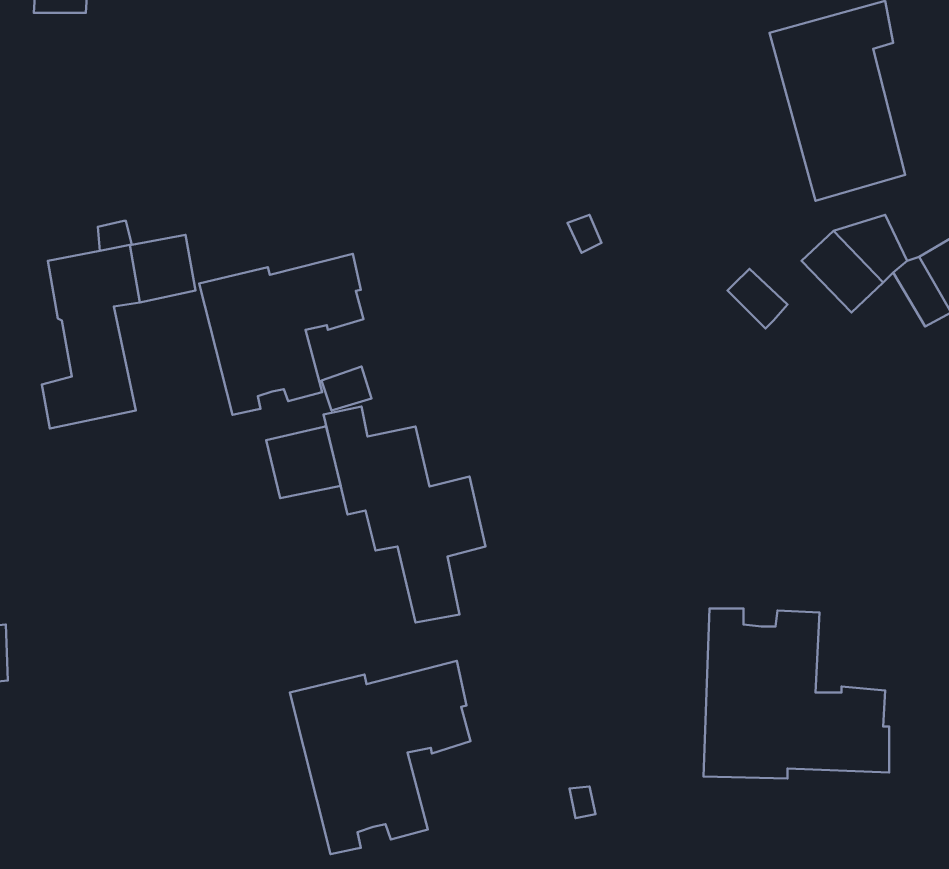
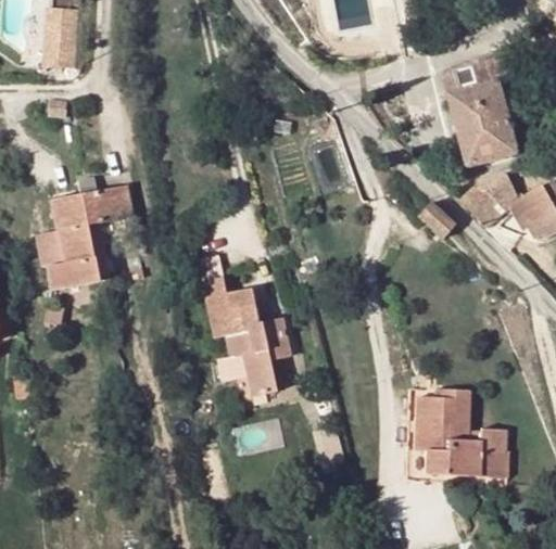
building: [199,254,363,415] -> none
building: [266,426,341,498] -> none
building: [290,661,470,854] -> none

